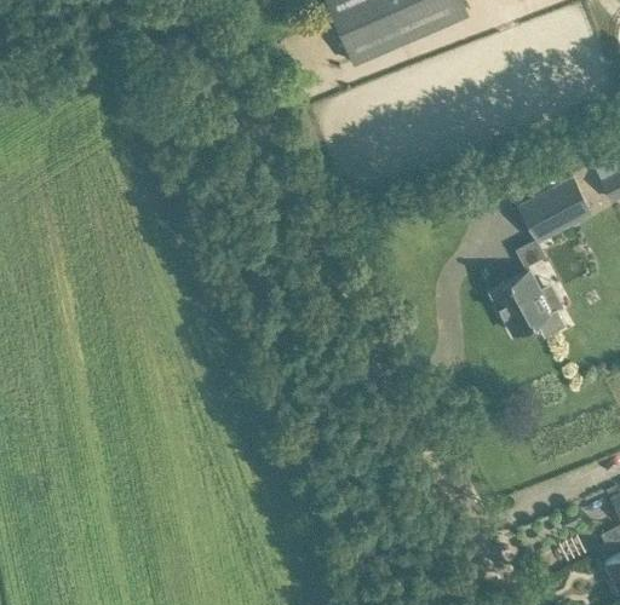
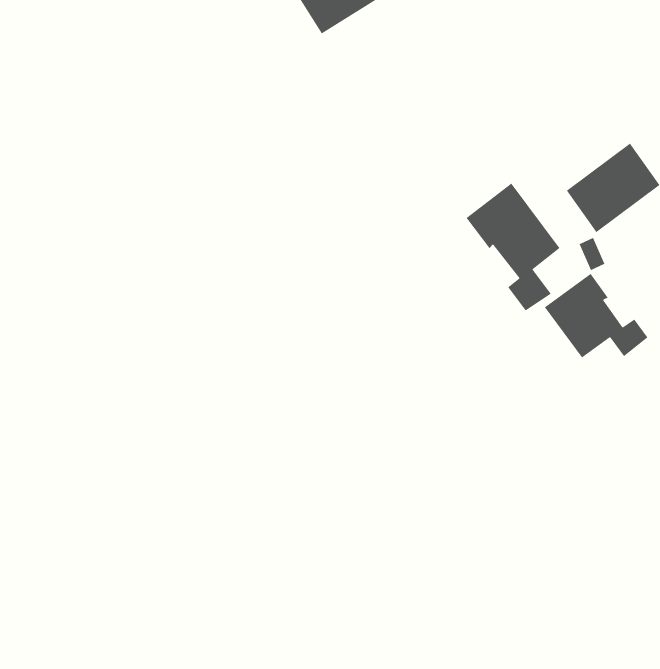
building: none -> [465,183,561,311]

